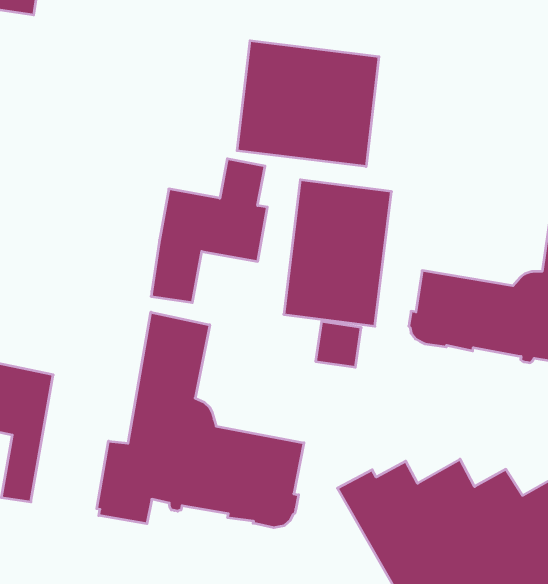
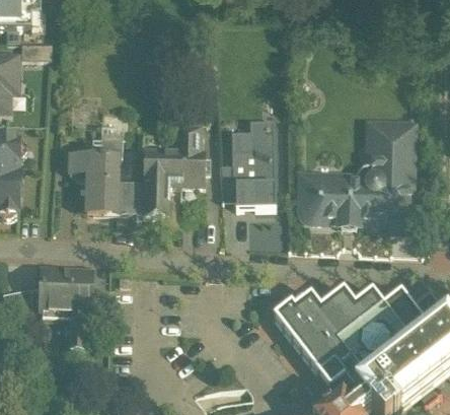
building: [237,41,379,167] -> none
building: none -> [69,131,143,211]
building: [97,312,304,528] -> none

